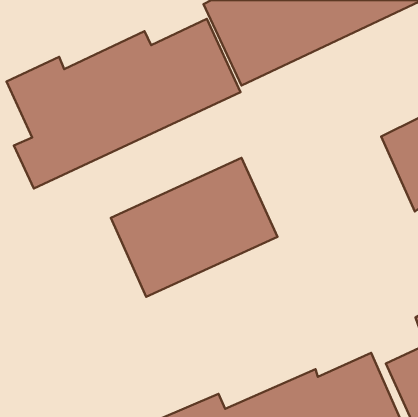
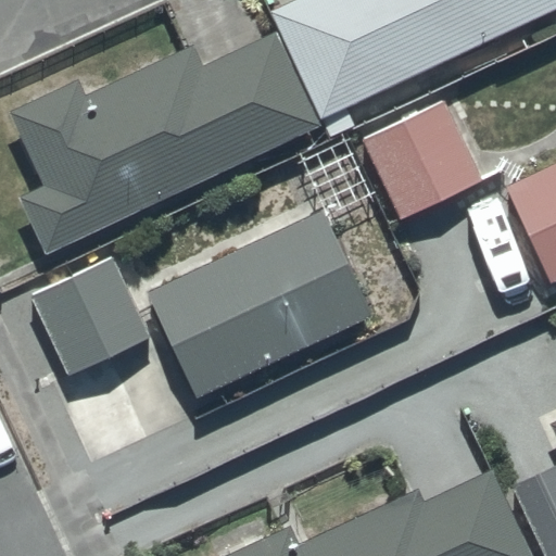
building: none -> [364,100,483,218]
building: none -> [30,261,151,378]

